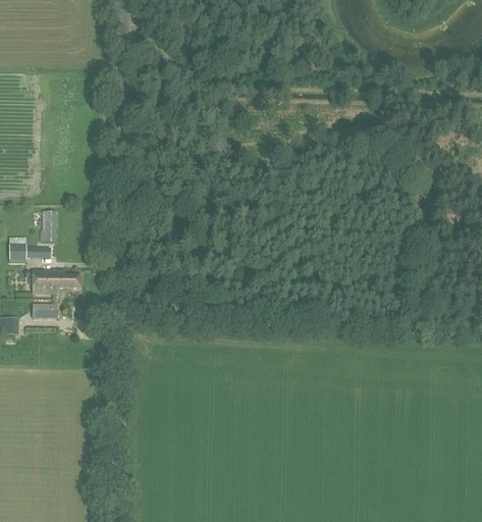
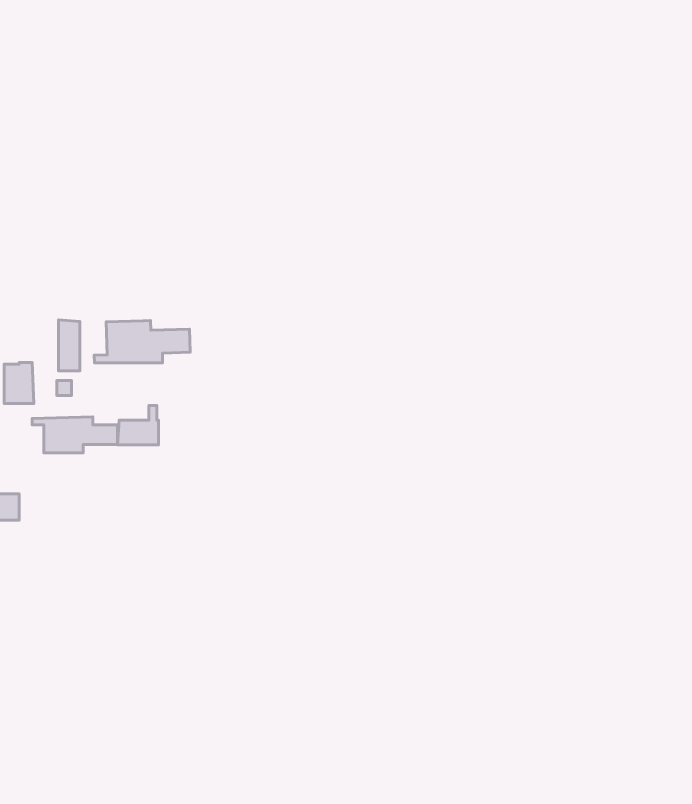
building: none -> [94,320,190,363]
building: [32,294,57,318] -> [118,406,159,445]

